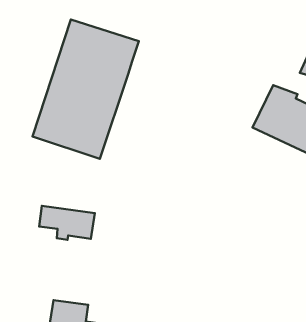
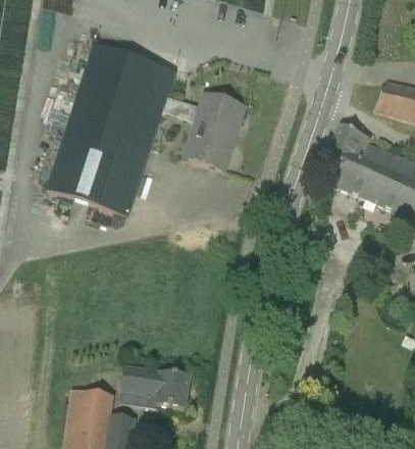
building: none -> [164,92,246,168]
building: [39,206,95,240] -> [123,366,192,408]

